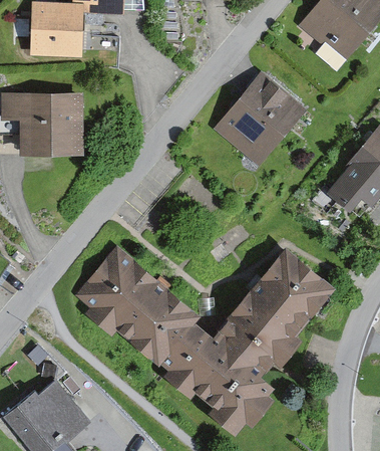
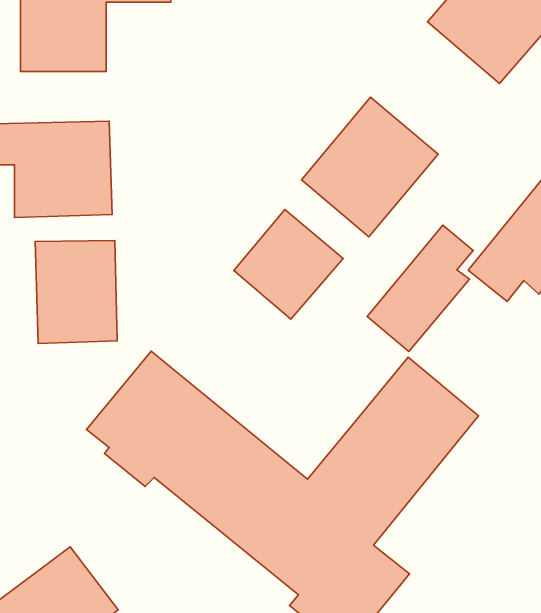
building: none -> [234,210,343,319]
building: none -> [367,225,473,352]
building: none -> [35,241,117,343]

